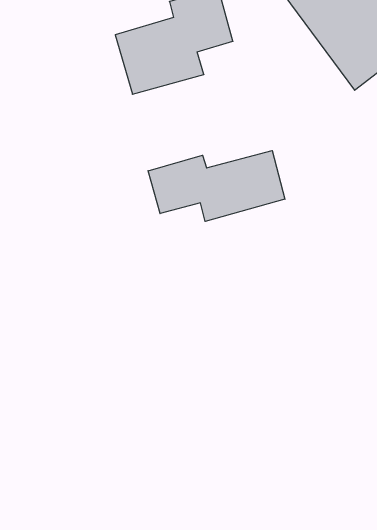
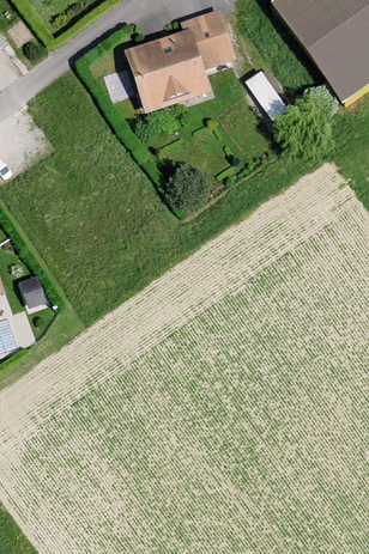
building: [148,151,285,221] -> none

